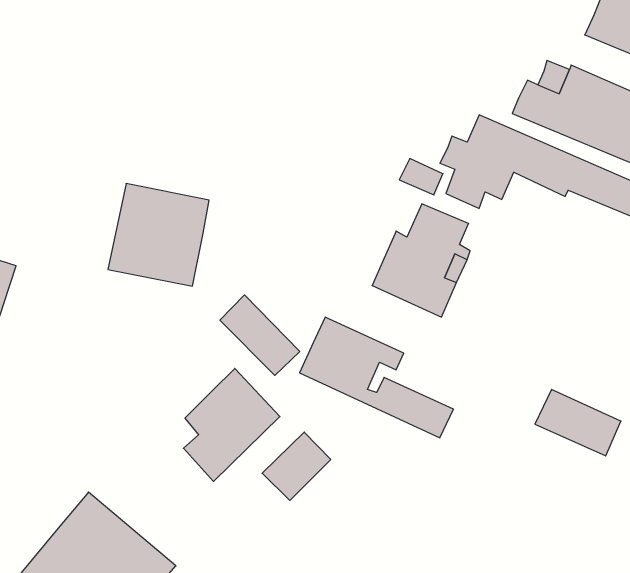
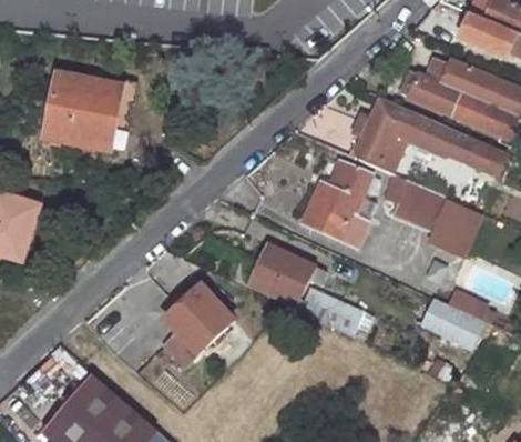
building: [108,184,209,286] -> [47,77,121,152]
building: none -> [384,174,479,255]
building: [220,295,300,375] -> none
building: [262,432,331,500] -> none

